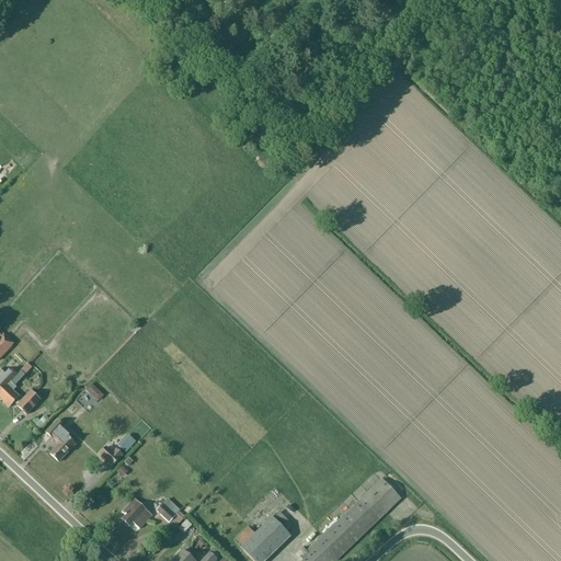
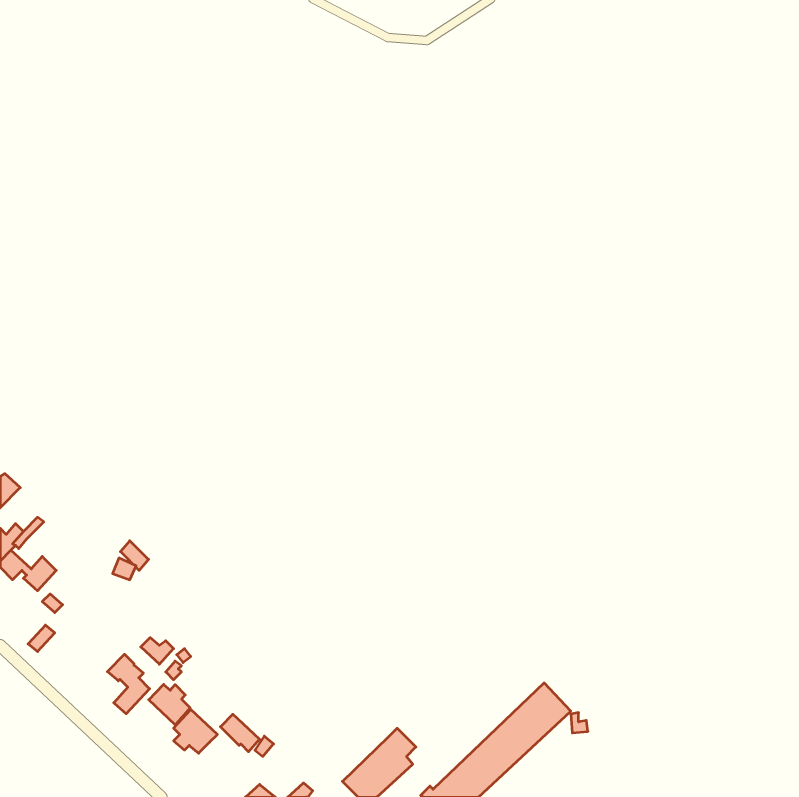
building: [45,420,75,461] -> [107,654,150,714]
building: none -> [149,684,190,725]

